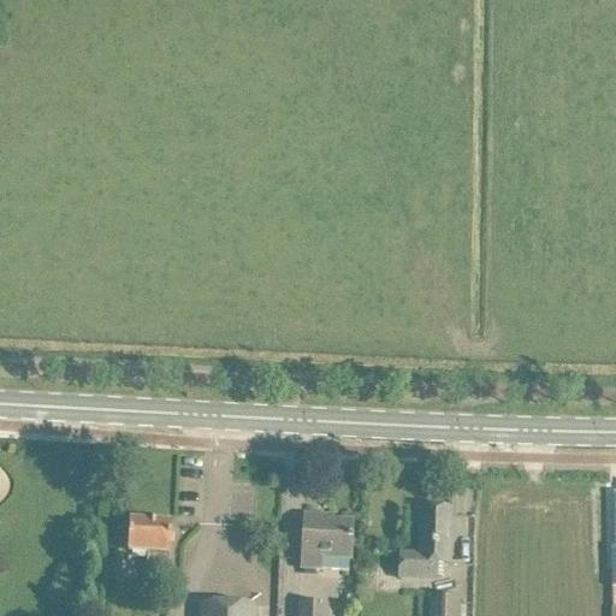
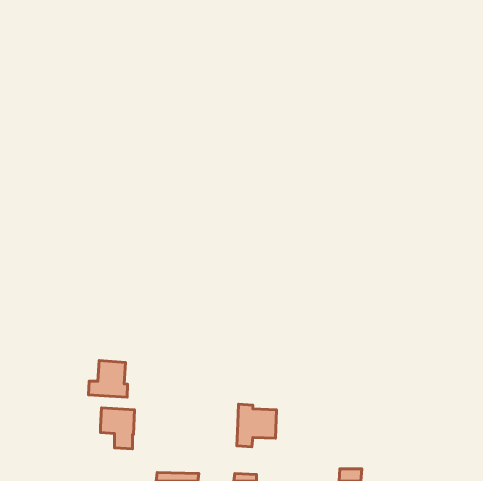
building: none -> [89,361,128,397]
building: [401,505,451,576] -> none

